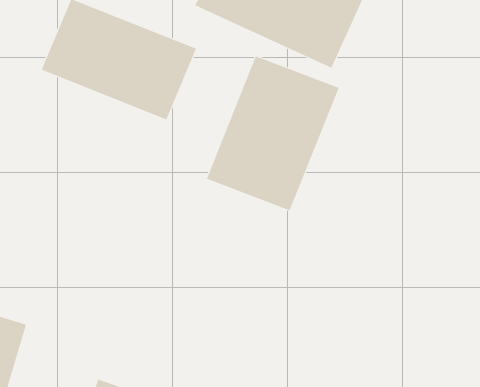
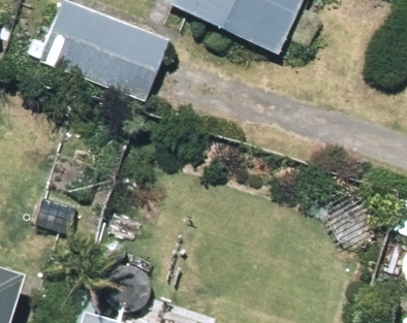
building: [206,55,339,211] -> none

